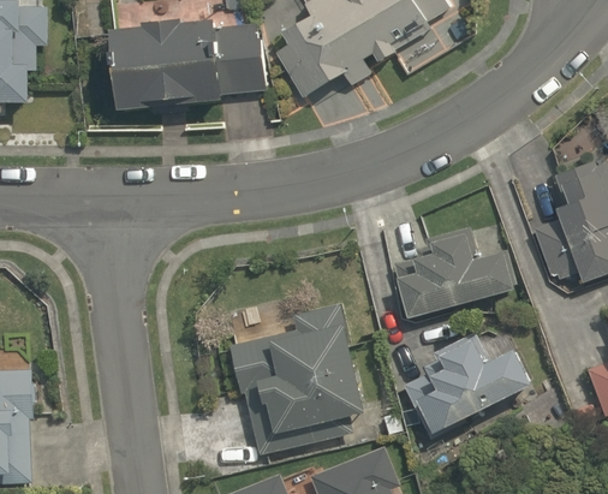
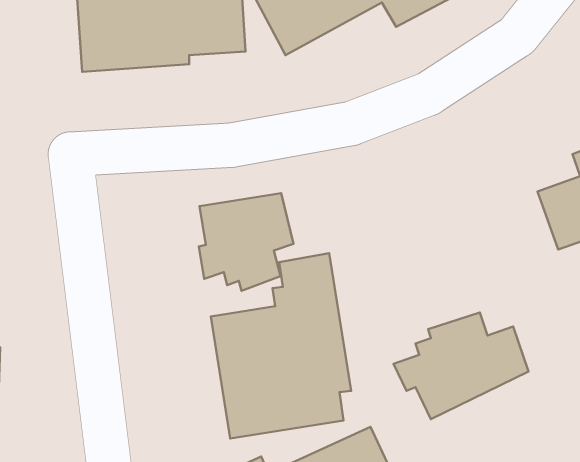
building: none -> [199,193,294,291]
building: [399,227,519,320] -> none

